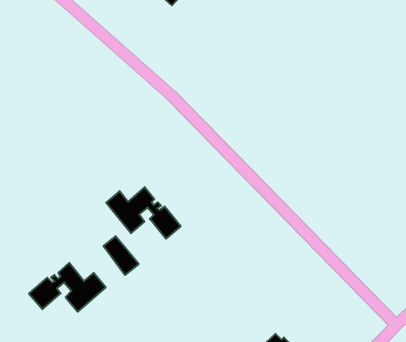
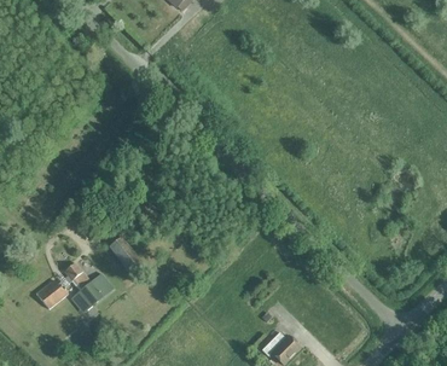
building: [106,187,181,239] -> none

